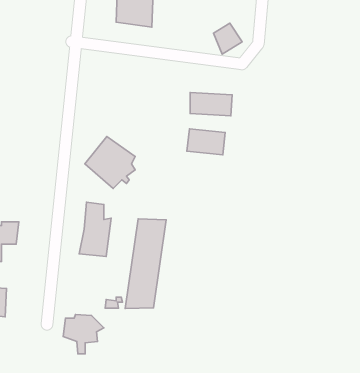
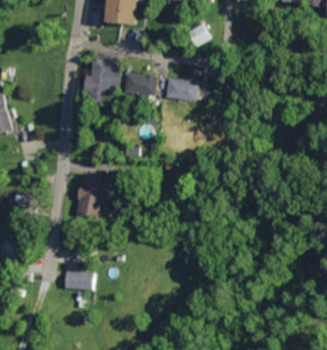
building: [187,129,225,155] -> [125,79,157,100]
building: [85,137,135,188] -> [79,68,121,111]
building: [125,219,166,308] -> none

